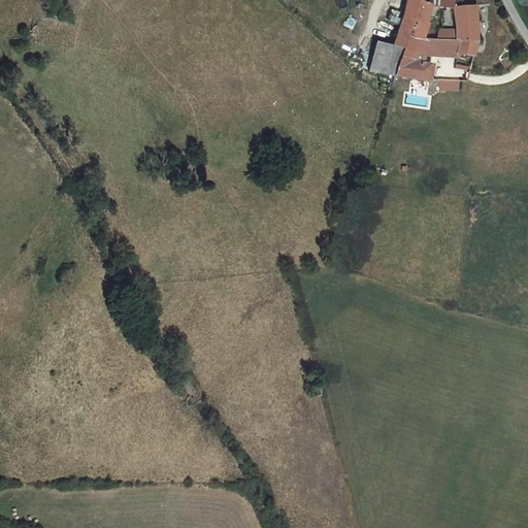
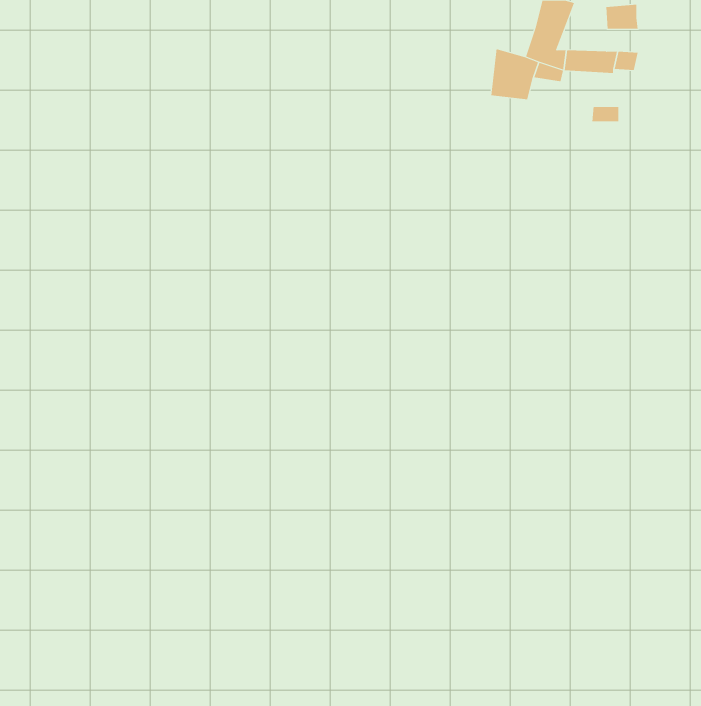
building: [457,23,481,40] -> none
building: [398,59,431,79] -> none

